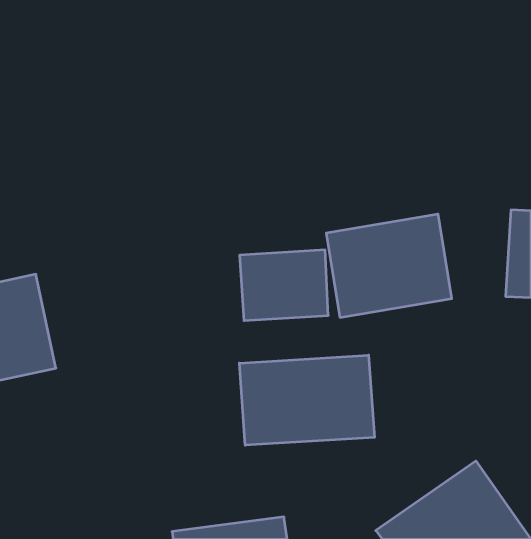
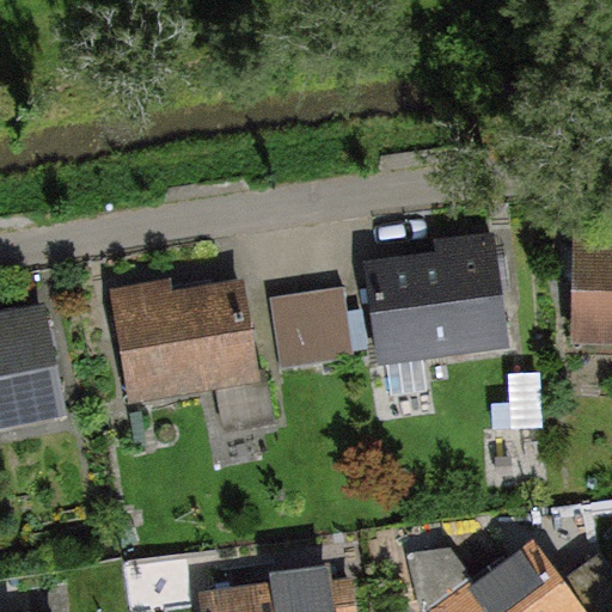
building: none -> [112,277,251,403]
building: [239,355,374,445] -> none

